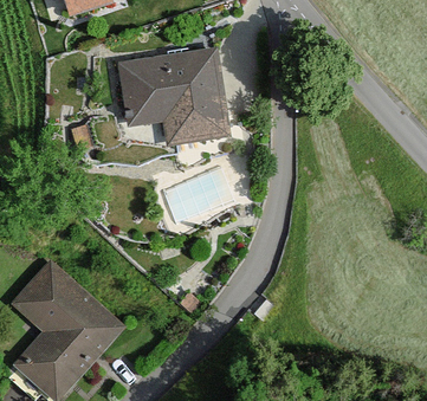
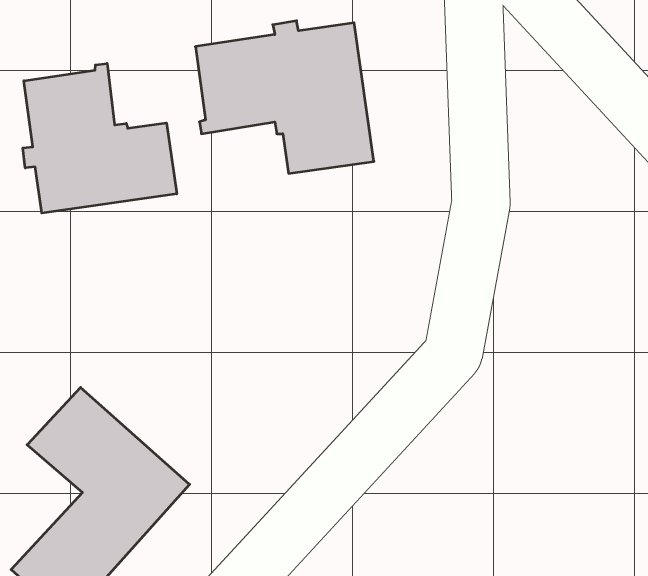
building: none -> [23,63,177,213]

